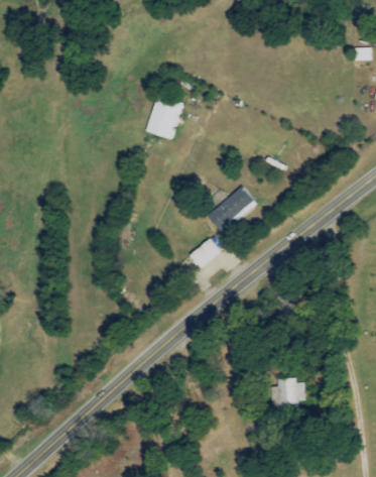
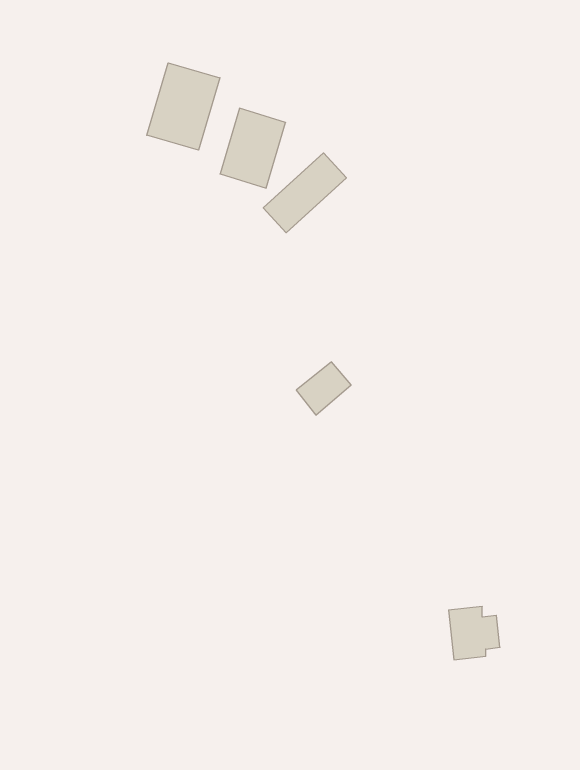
building: none -> [147,63,220,150]
building: [208,185,255,230] -> [263,153,346,233]

